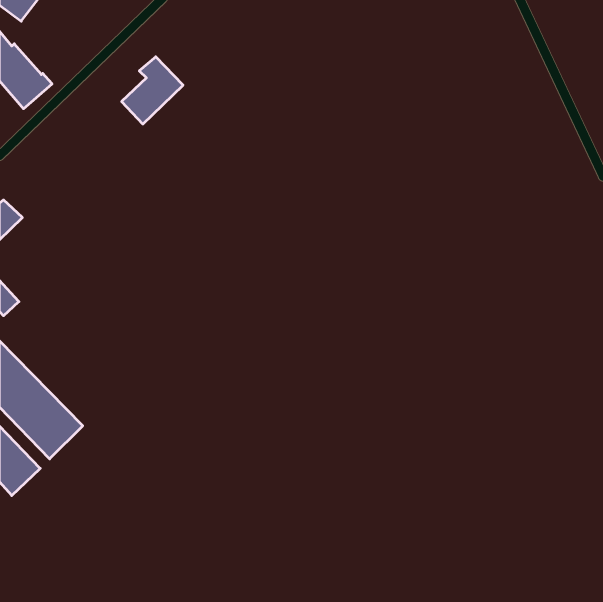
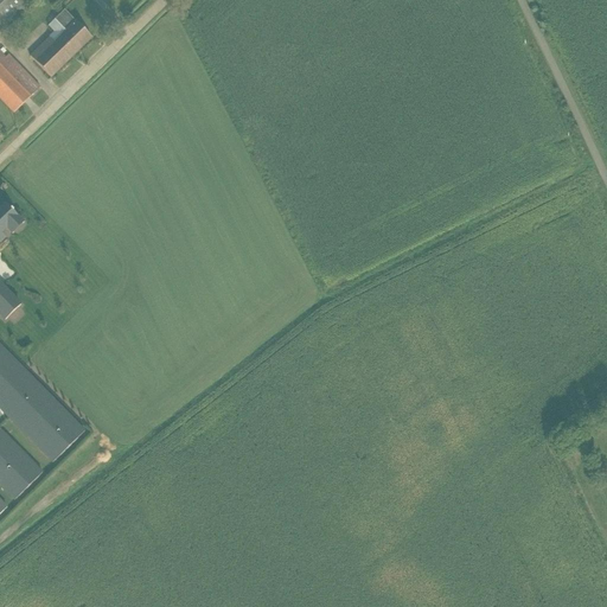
building: [122,57,183,124] -> [26,7,88,75]

